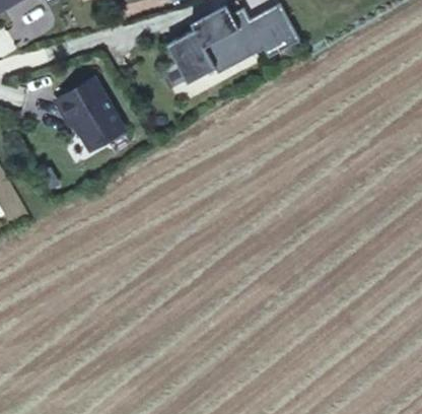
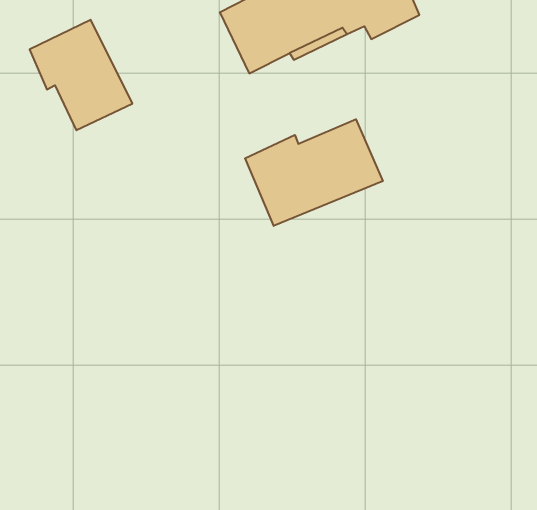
building: none -> [245,119,383,226]

